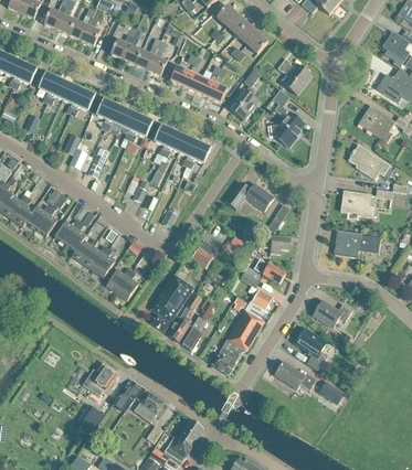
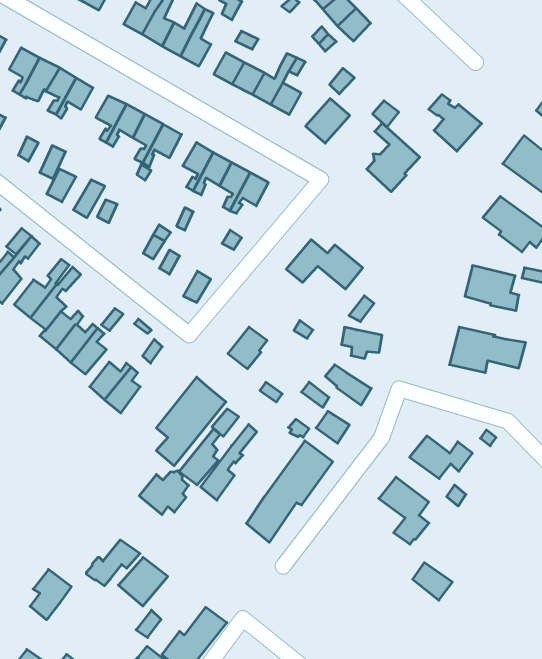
building: [277,58,311,94] -> [429,95,482,151]
building: [275,361,315,388] -> none
building: [85,365,116,394] -> [139,471,189,515]

